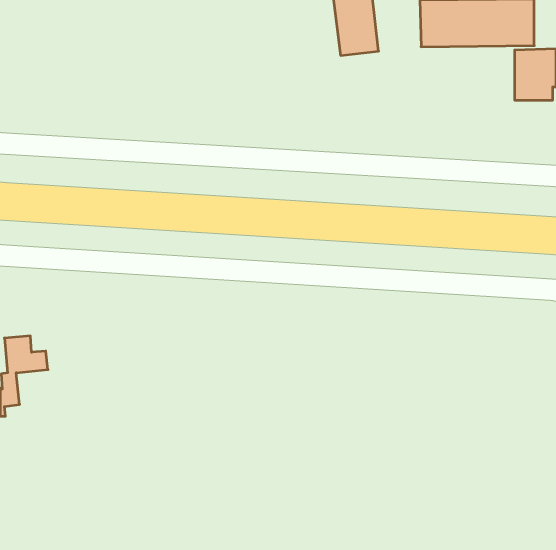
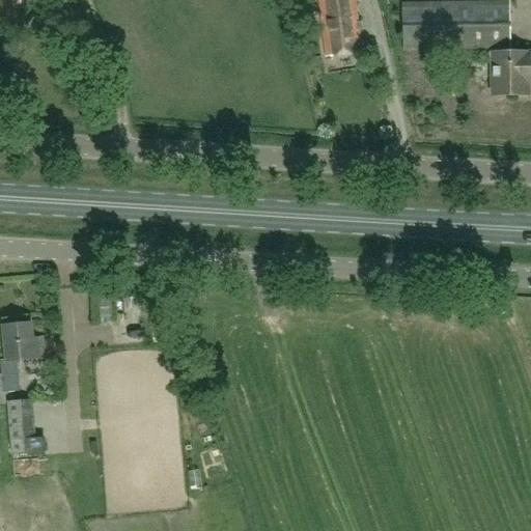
building: none -> [8,397,35,450]

